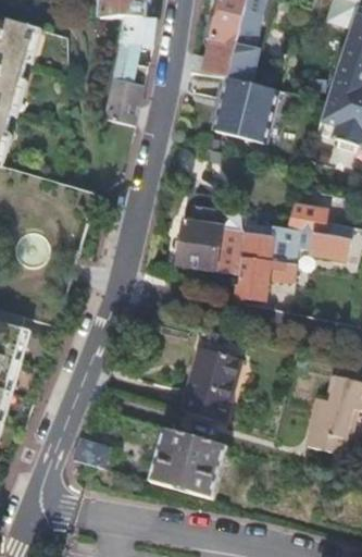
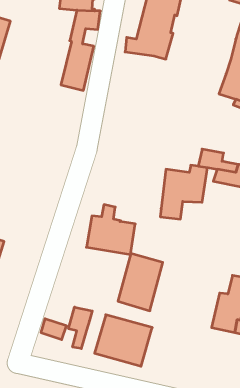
building: [216,77,278,143] -> none
building: [177,205,244,272] -> [86,205,135,254]
building: none -> [69,307,92,349]

